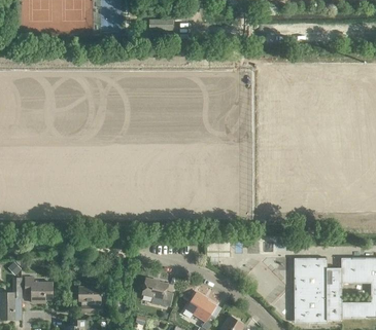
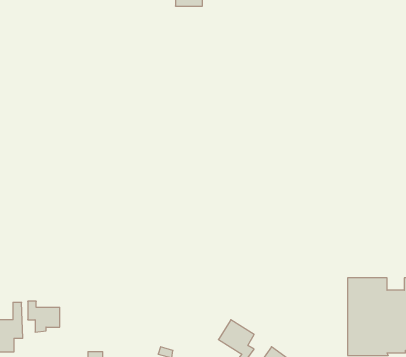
building: [142,277,173,306] -> none
building: [79,286,102,311] -> none

